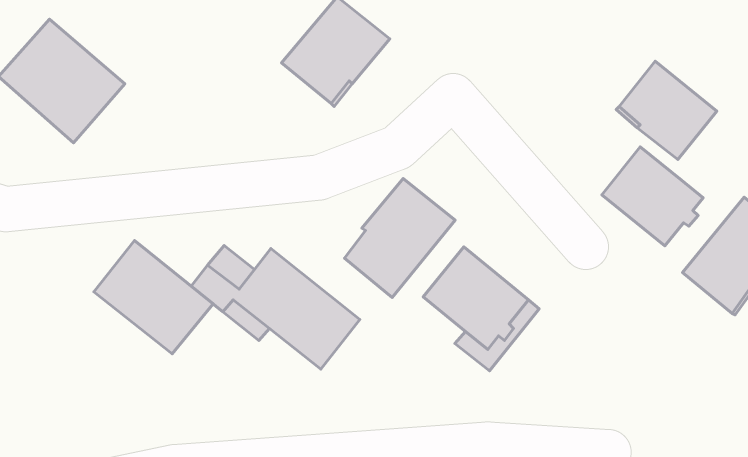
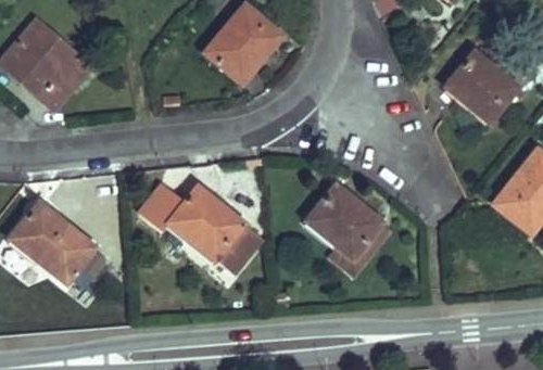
building: [602,147,703,246] -> none
building: [344,179,455,297] -> none
building: [94,241,213,354] -> [10,202,96,283]

